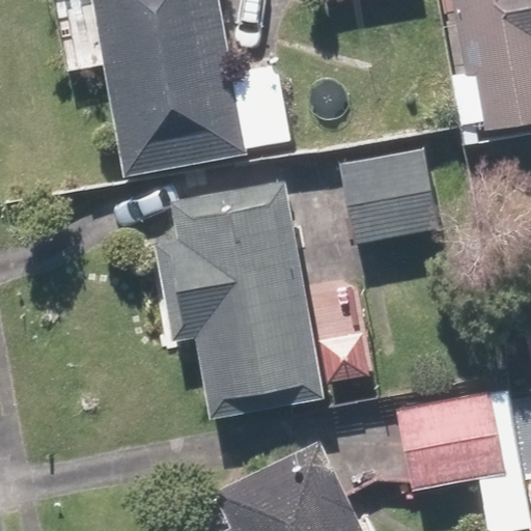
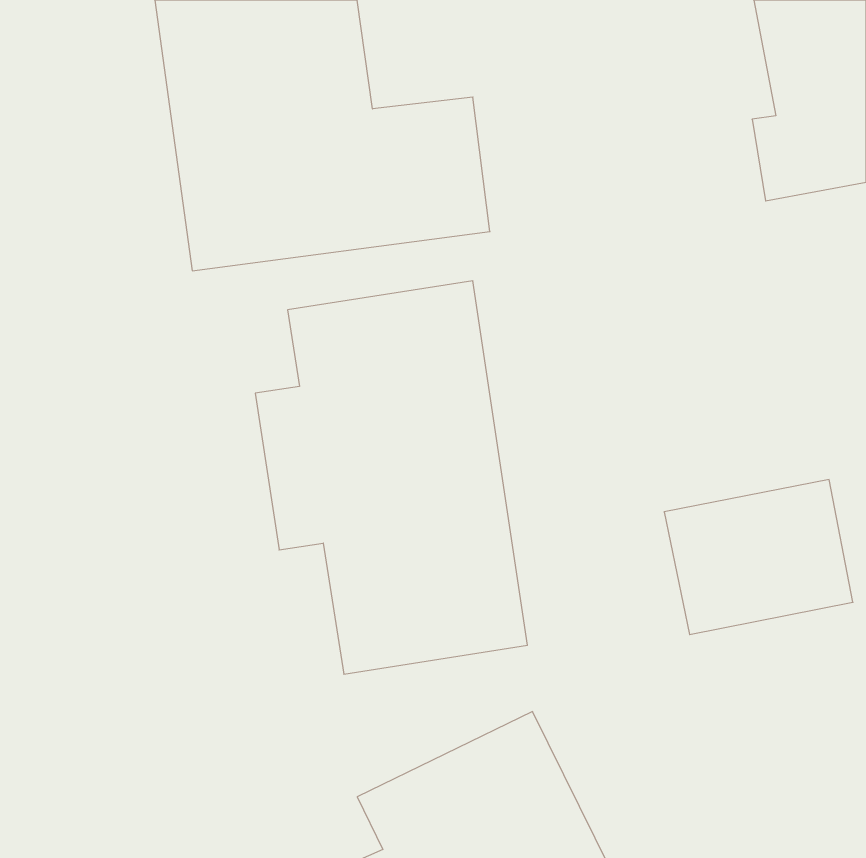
building: [341,148,438,244] -> none
building: [397,392,512,486] -> [664,480,853,635]

